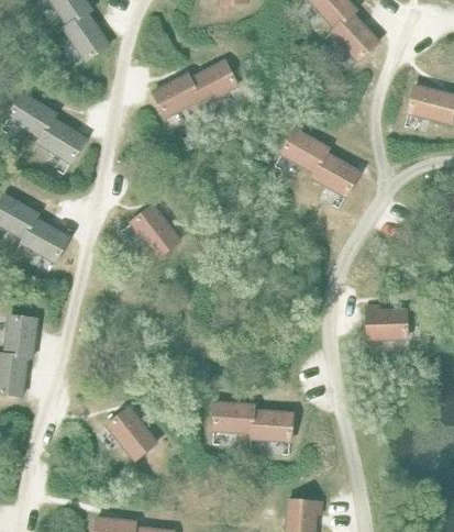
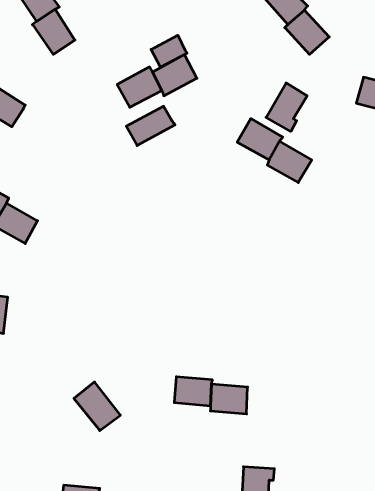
building: none -> [151,35,187,67]
building: none -> [266,83,307,131]
building: none -> [126,106,175,146]
building: [37,118,86,162] -> none
building: [130,204,179,256] -> none
building: [365,304,406,339] -> none

